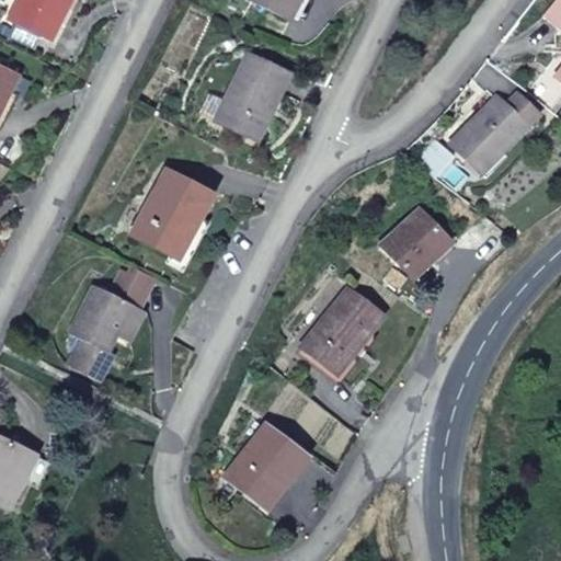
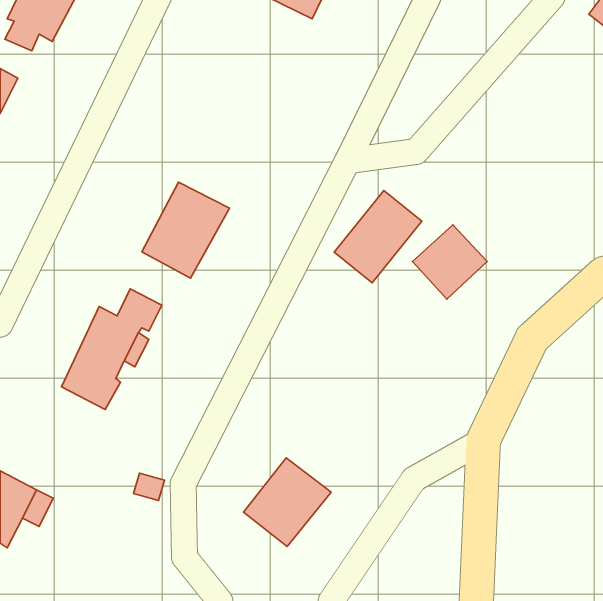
building: [214,53,291,140] -> none
building: [451,92,539,173] -> none
building: [304,287,385,373] -> [334,191,422,283]

